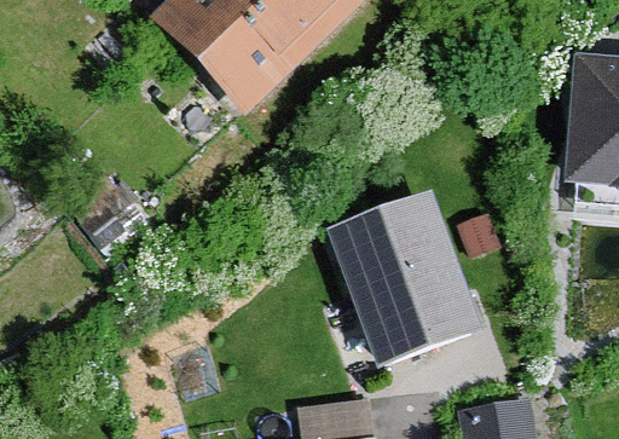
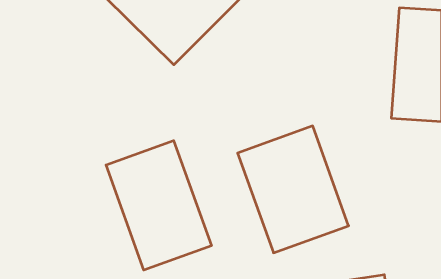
building: none -> [106,141,211,270]

